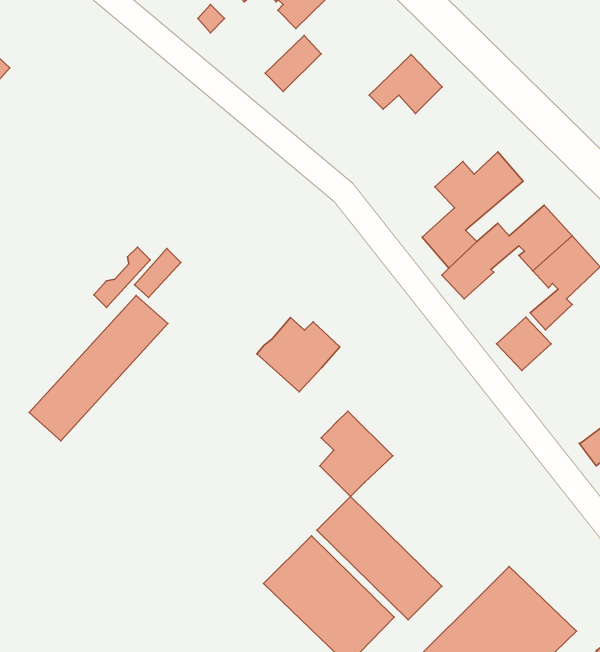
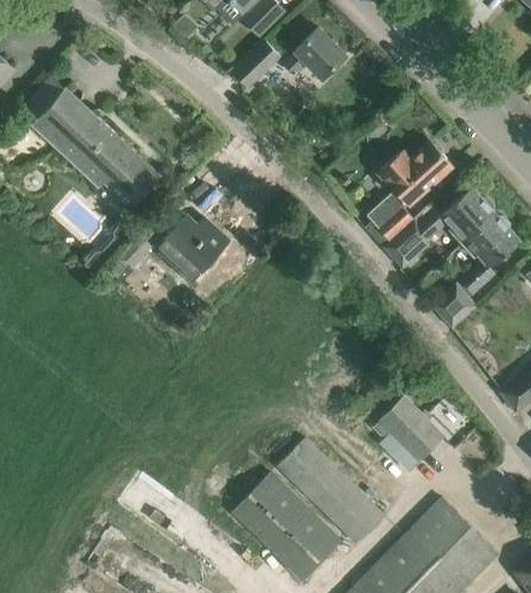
building: [369,54,442,113] -> [283,28,346,78]
building: none -> [25,76,161,207]
building: [29,295,168,441] -> none
building: [257,318,340,392] -> [157,216,228,280]
building: [320,411,393,497] -> [380,398,443,471]

